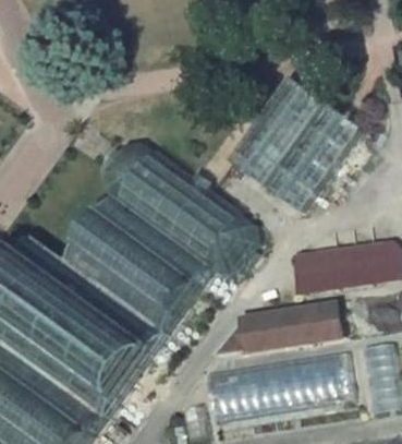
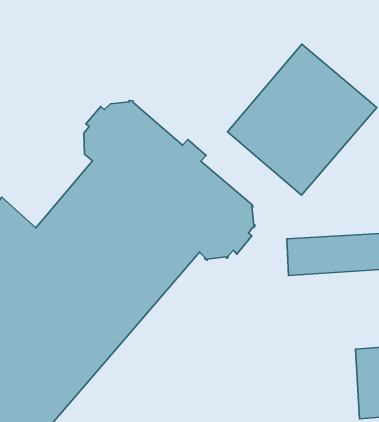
building: [235,299,340,350] -> none
building: [205,352,351,421] -> none

